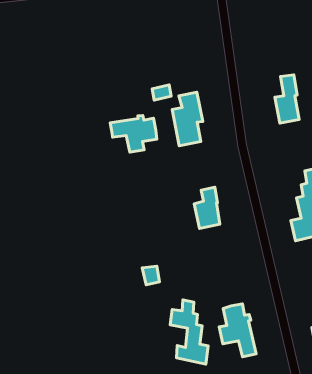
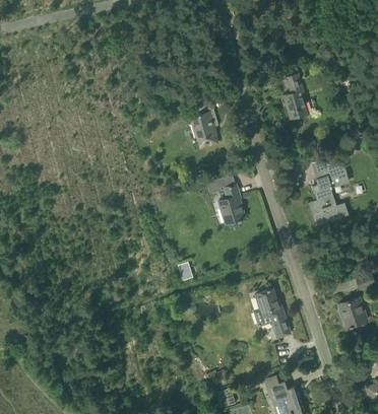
building: [110,115,157,152] -> none
building: [170,300,208,364] -> none

